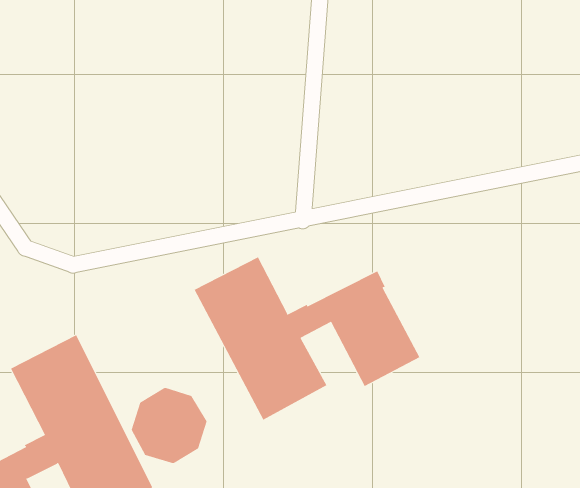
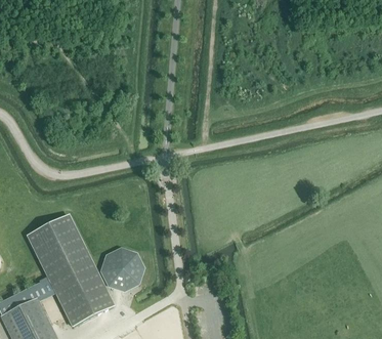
building: [194,257,420,421] -> none

